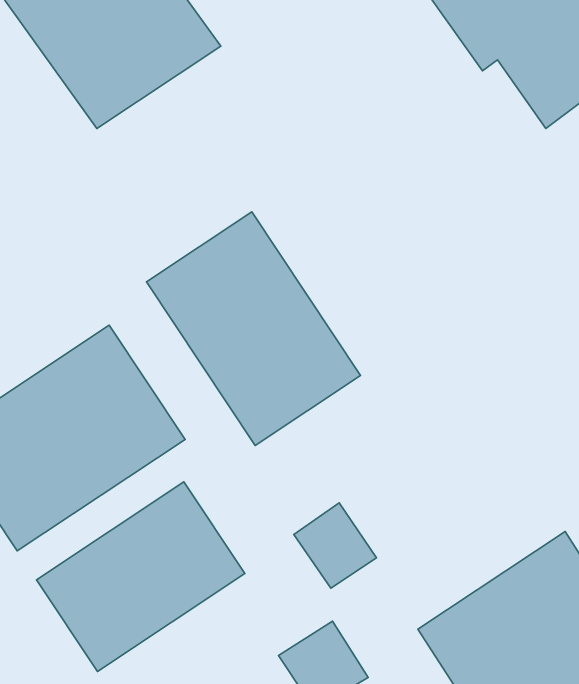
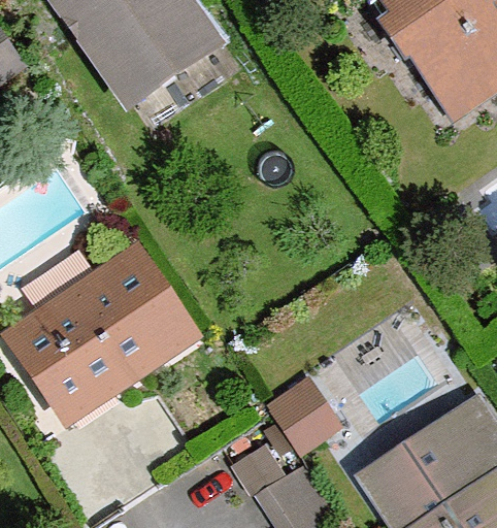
building: [146,212,361,446] -> none
building: [37,482,245,671] -> none

